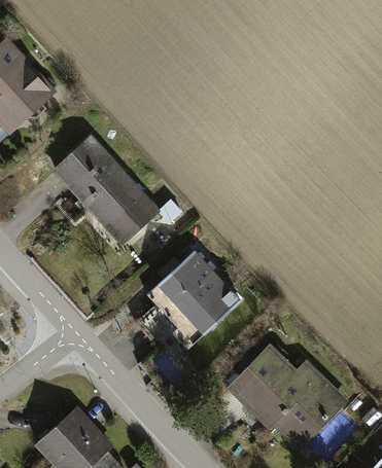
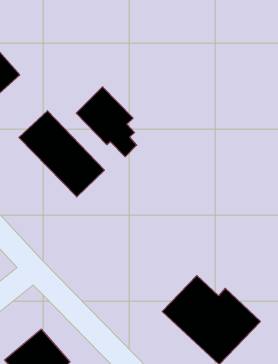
building: none -> [76,87,137,157]
building: [143,251,241,348] -> none

